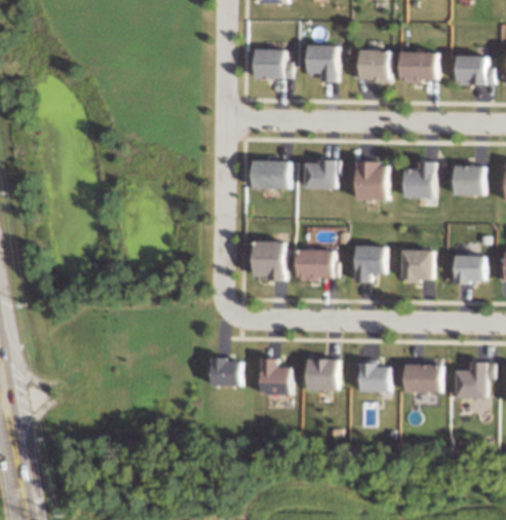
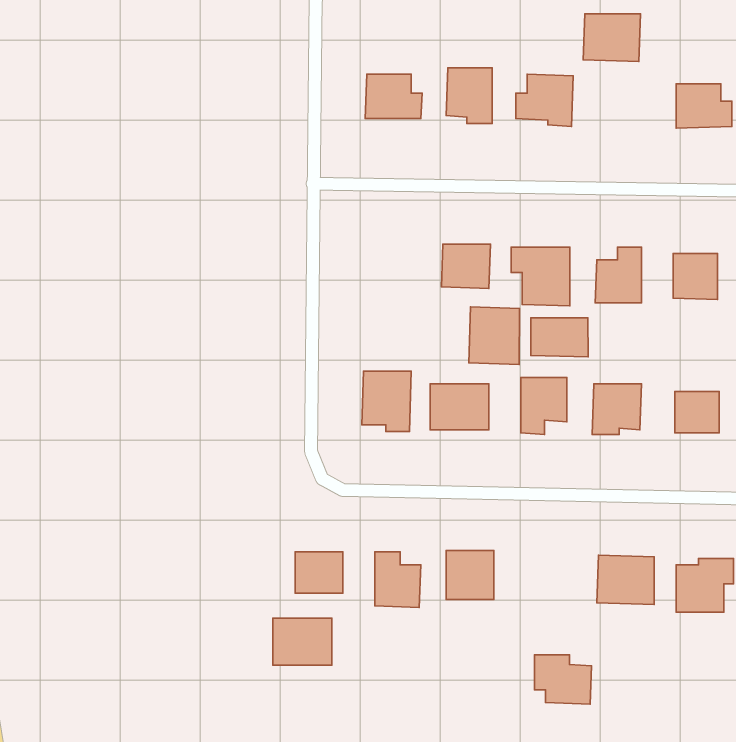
building: [399,51,436,82] -> [583,14,640,61]
building: [251,160,288,188] -> none
building: none -> [469,307,519,365]
building: none -> [531,318,588,357]
building: [353,360,390,392] -> [535,655,592,704]
building: none -> [273,618,332,665]

